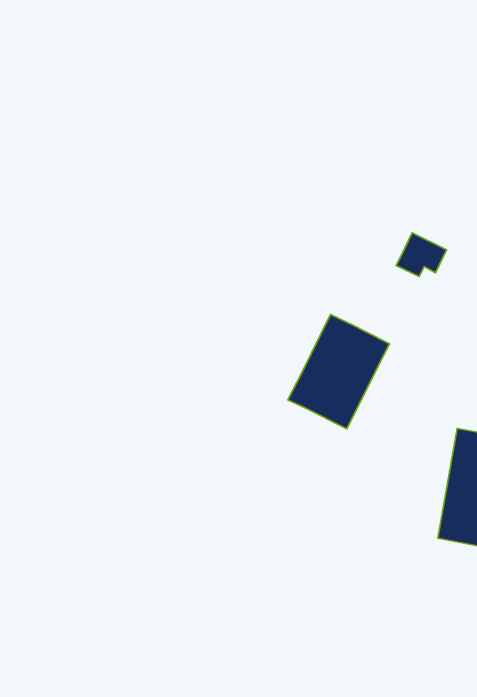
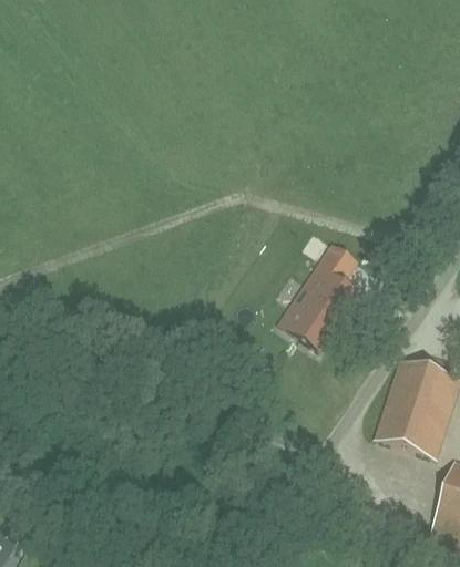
building: [396,233,446,276] -> [319,241,357,274]

